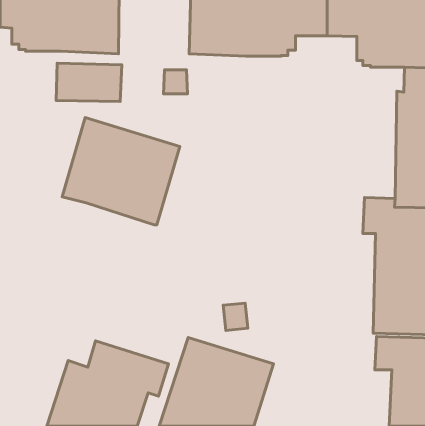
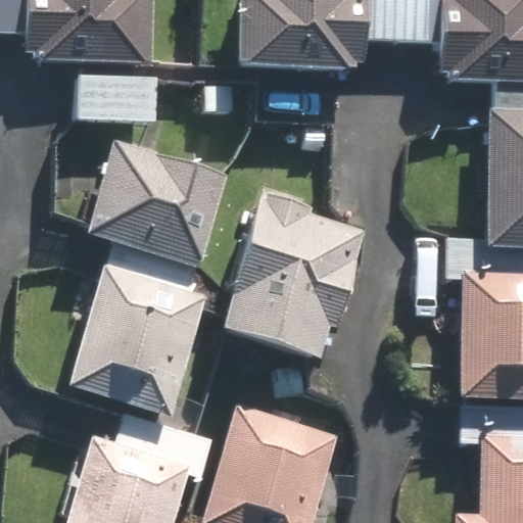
building: none -> [221,195,367,360]
building: none -> [67,243,208,419]

